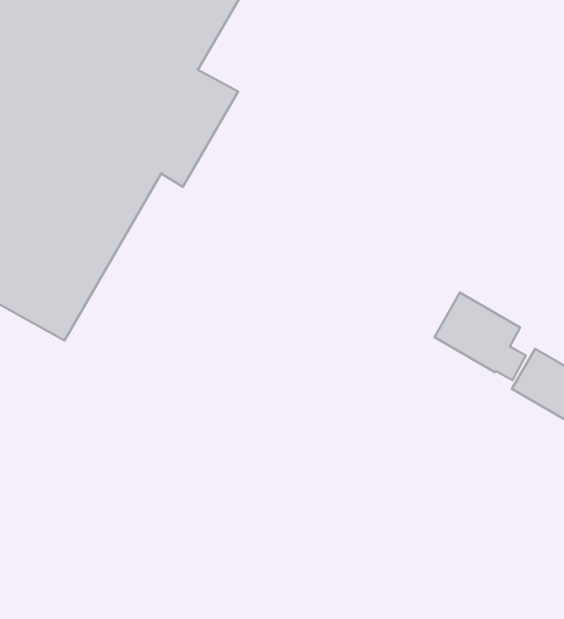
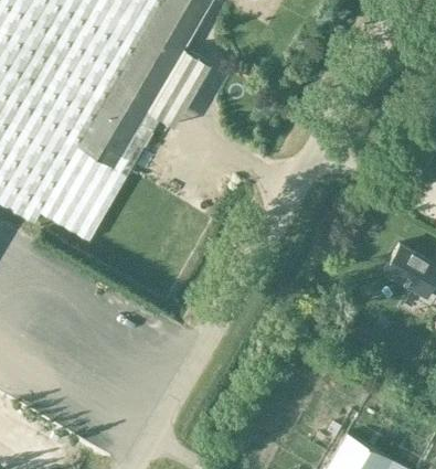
building: [434,293,526,380] -> none

